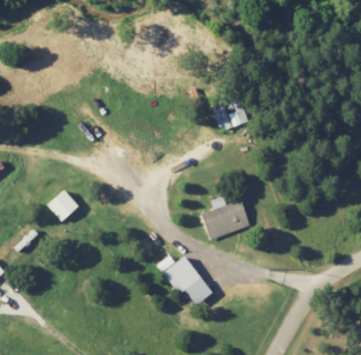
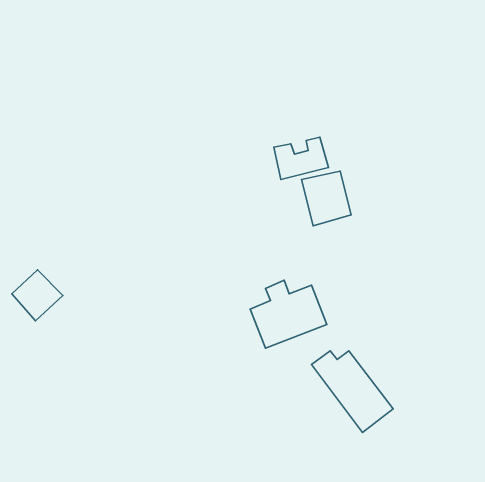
building: none -> [302,171,351,226]
building: [159,255,212,309] -> [312,351,393,433]

